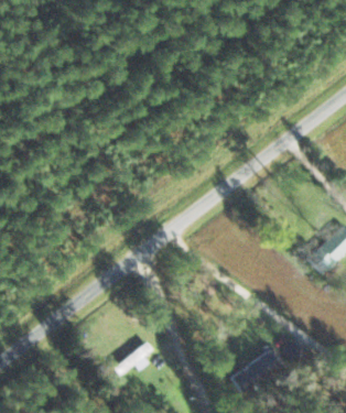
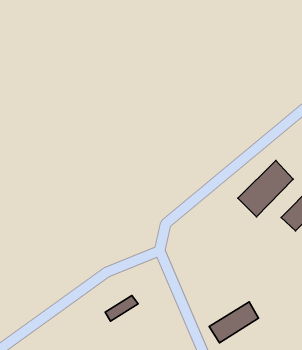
building: none -> [238,160,293,217]

